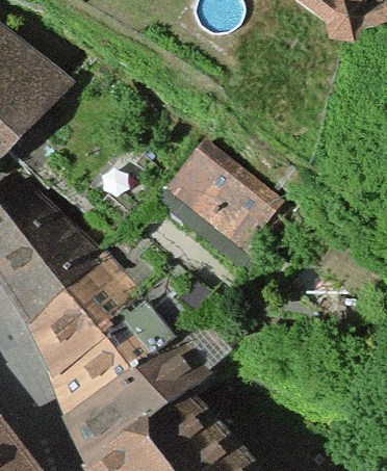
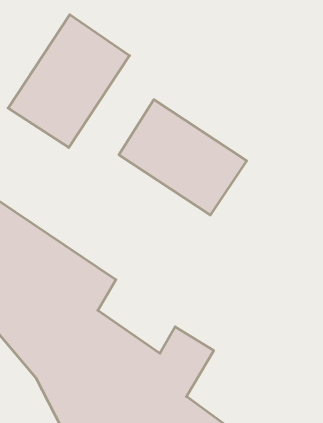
building: none -> [8,15,130,148]

